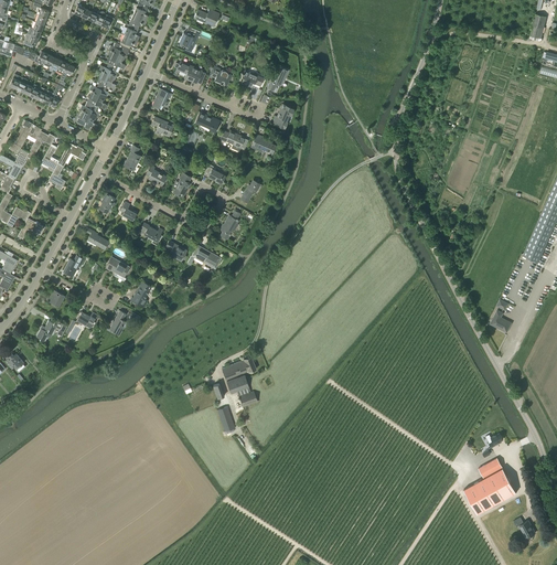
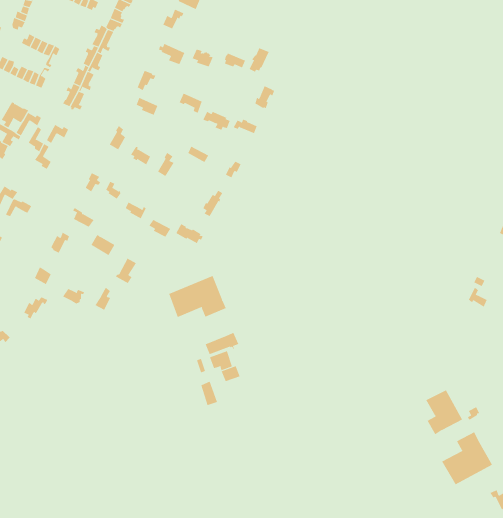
building: none -> [169,275,226,318]
building: none -> [426,389,463,435]

